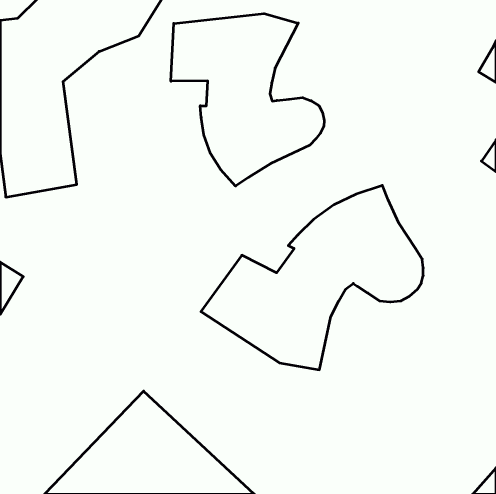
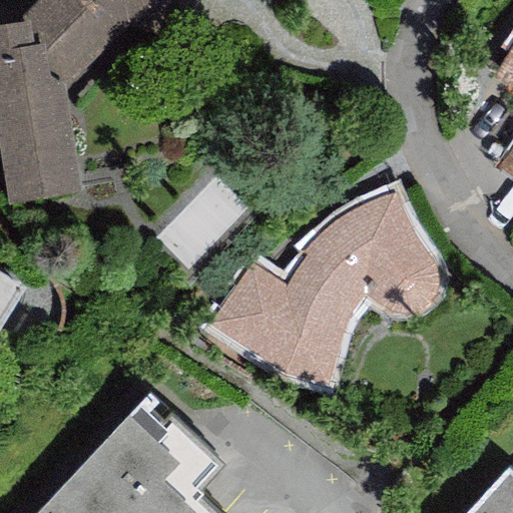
building: [171,14,324,186] -> none

